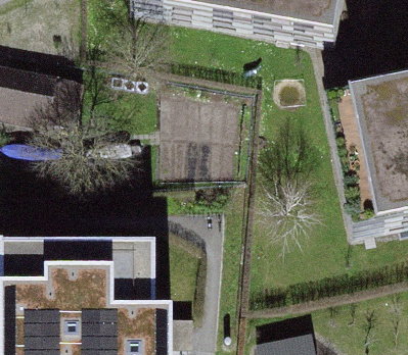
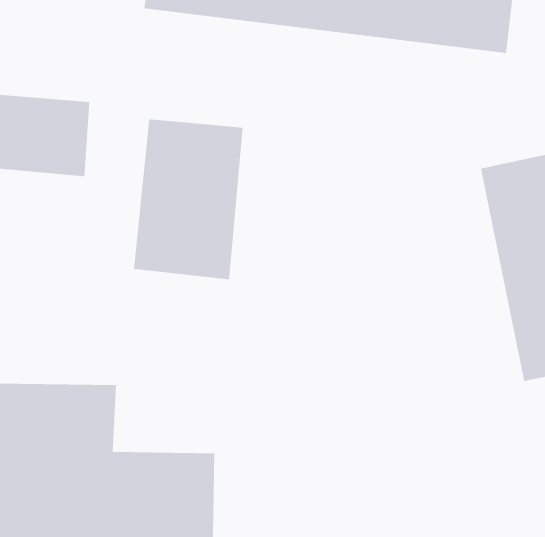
building: none -> [133,119,243,280]

